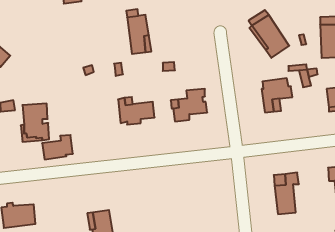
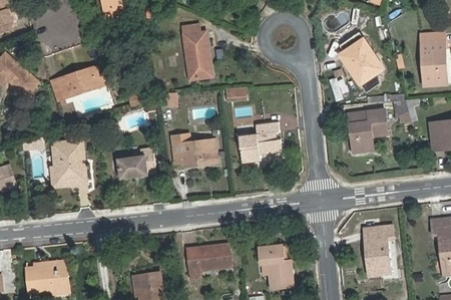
building: none -> [57,65,104,98]
building: [42,135,73,159] -> [116,147,154,178]
building: none -> [186,244,232,276]
building: none -> [259,245,293,289]

